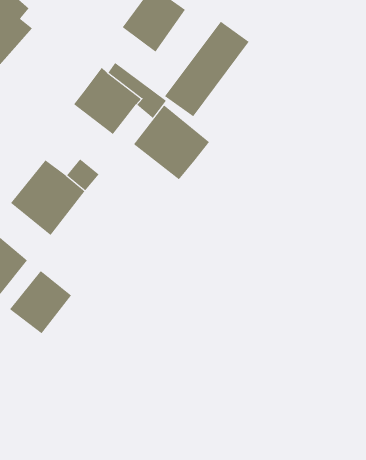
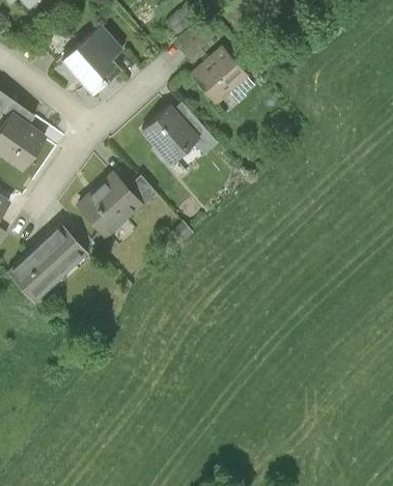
building: [164,21,250,117] -> none
building: [133,104,210,180] -> none
building: [9,270,72,334] -> none

